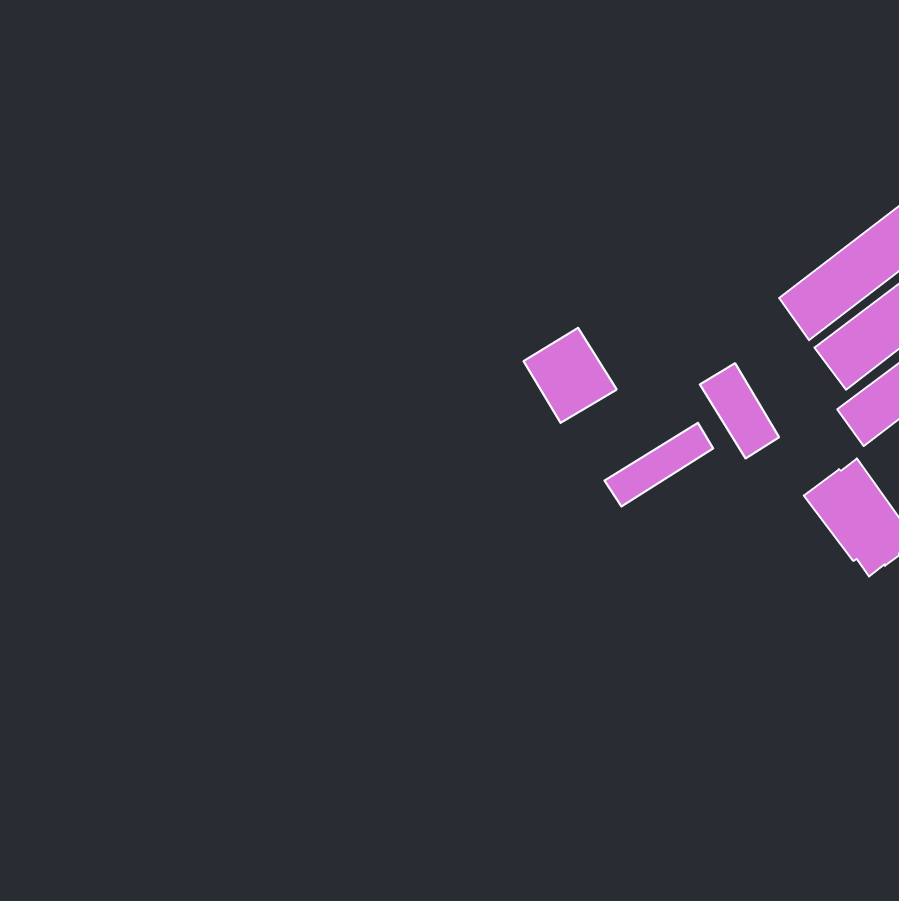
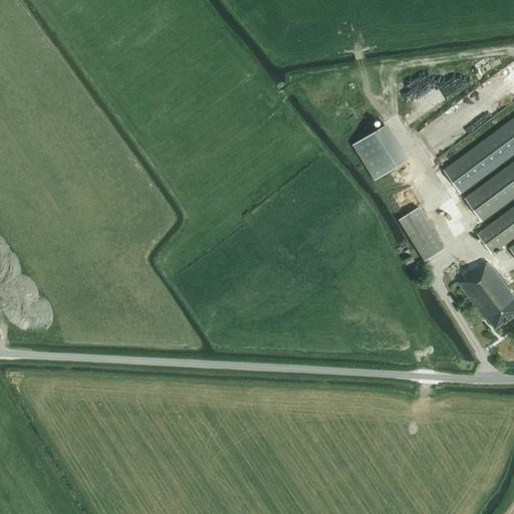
building: [523,328,617,423] -> [353,125,407,180]
building: [604,423,713,507] -> none

